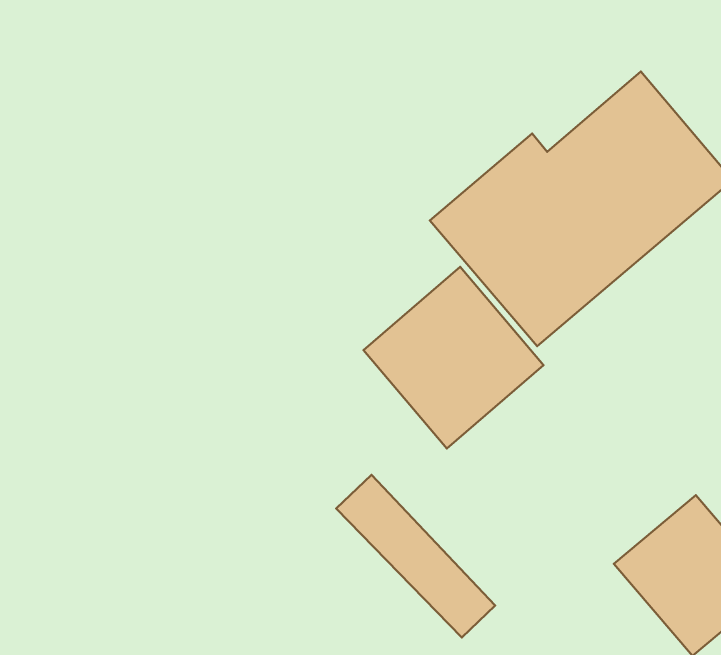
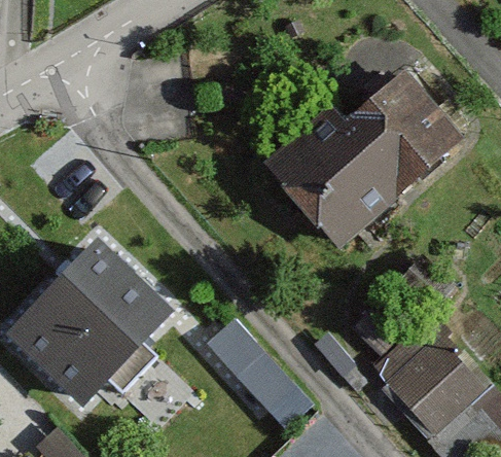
building: [364,267,544,449] -> none
building: none -> [15,251,162,397]

